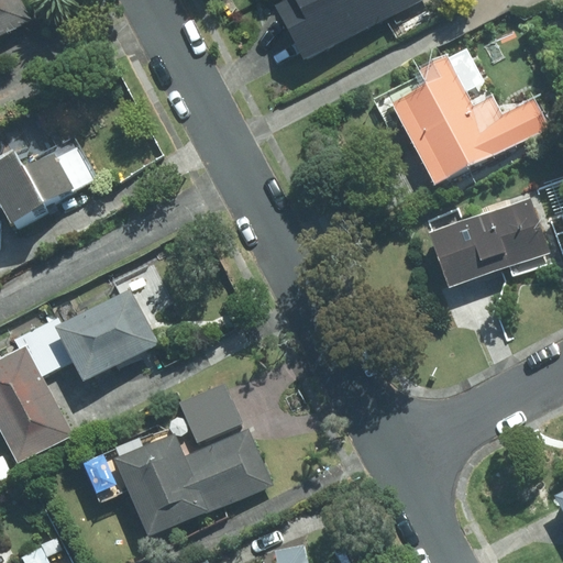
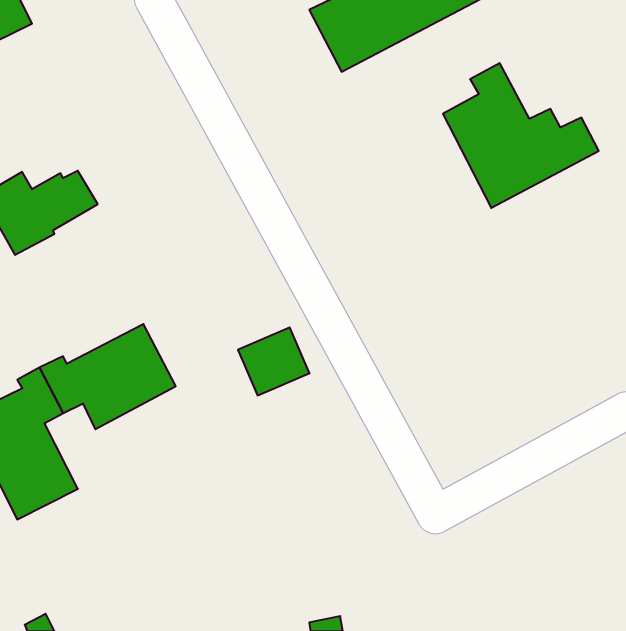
building: [429,198,545,287] -> none
building: [175,383,239,443] -> [238,327,310,395]
building: [121,428,274,534] -> none

